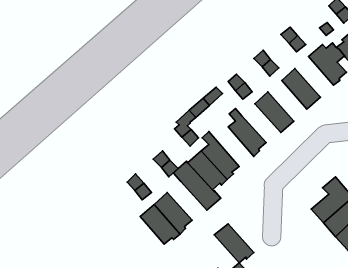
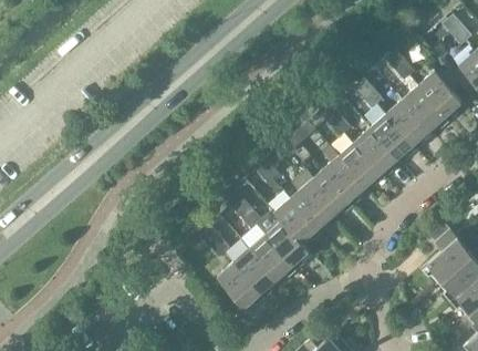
building: none -> [402,84,448,131]
building: none -> [370,113,416,159]
building: none -> [339,141,385,187]
building: none -> [299,167,353,216]
building: [214,224,254,263] -> [249,234,297,280]

